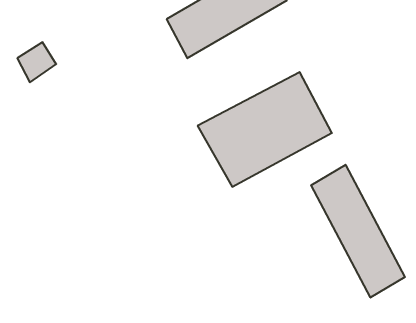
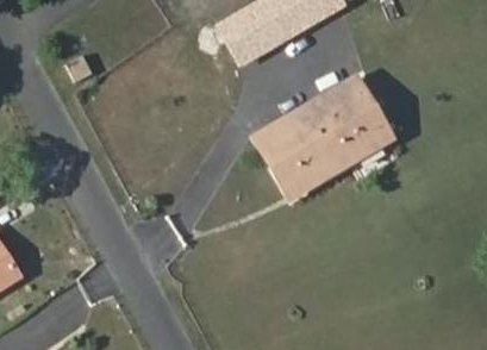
building: [311,165,405,298] -> none

